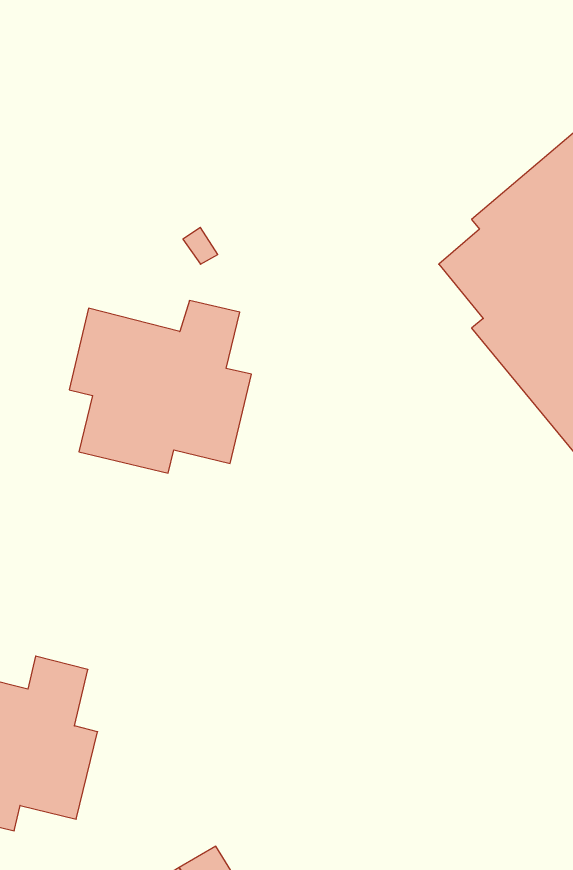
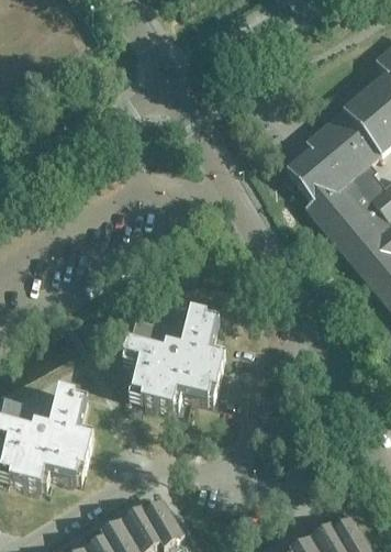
building: [69,301,251,473] -> [122,313,225,411]

